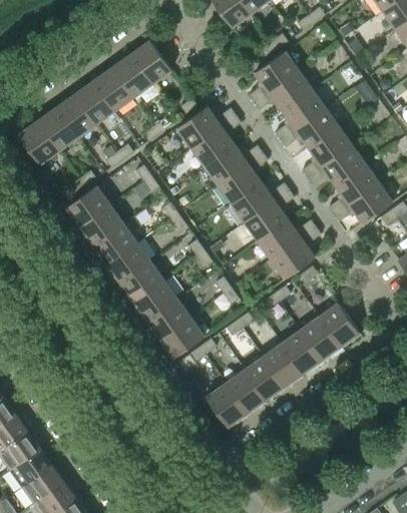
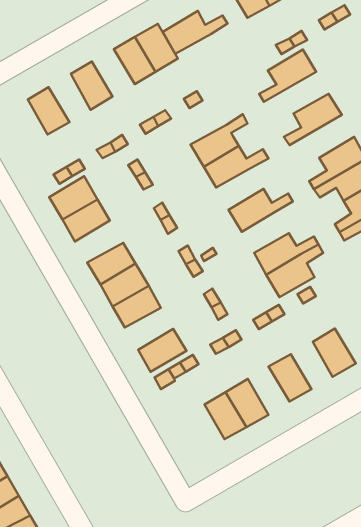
building: [93,67,134,110] -> none
building: [254,70,312,110] -> none
building: [56,93,96,137] -> none
building: [177,106,236,147] -> [163,11,227,54]
building: [281,107,339,148] -> none
building: [18,120,59,164] -> none
building: [218,153,268,203] -> none
building: [245,190,295,240] -> none
building: [93,223,137,264] -> none
building: [146,299,190,339] -> none
building: [300,317,340,360] -> none
building: [263,343,303,387] -> none
building: [207,383,247,427] -> none

